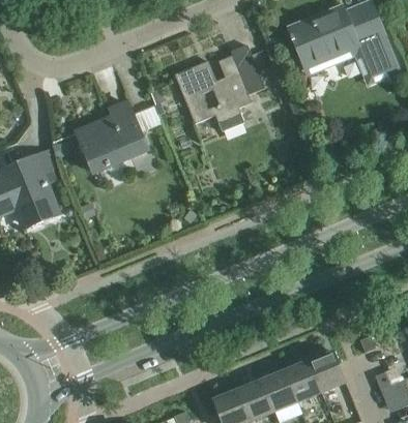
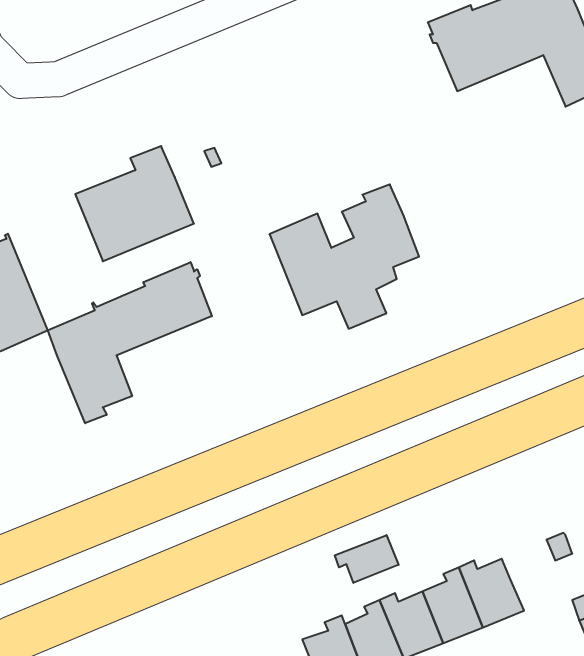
building: [174,44,264,131] -> [269,184,419,329]
building: none -> [48,262,212,423]
building: none -> [335,535,399,583]

